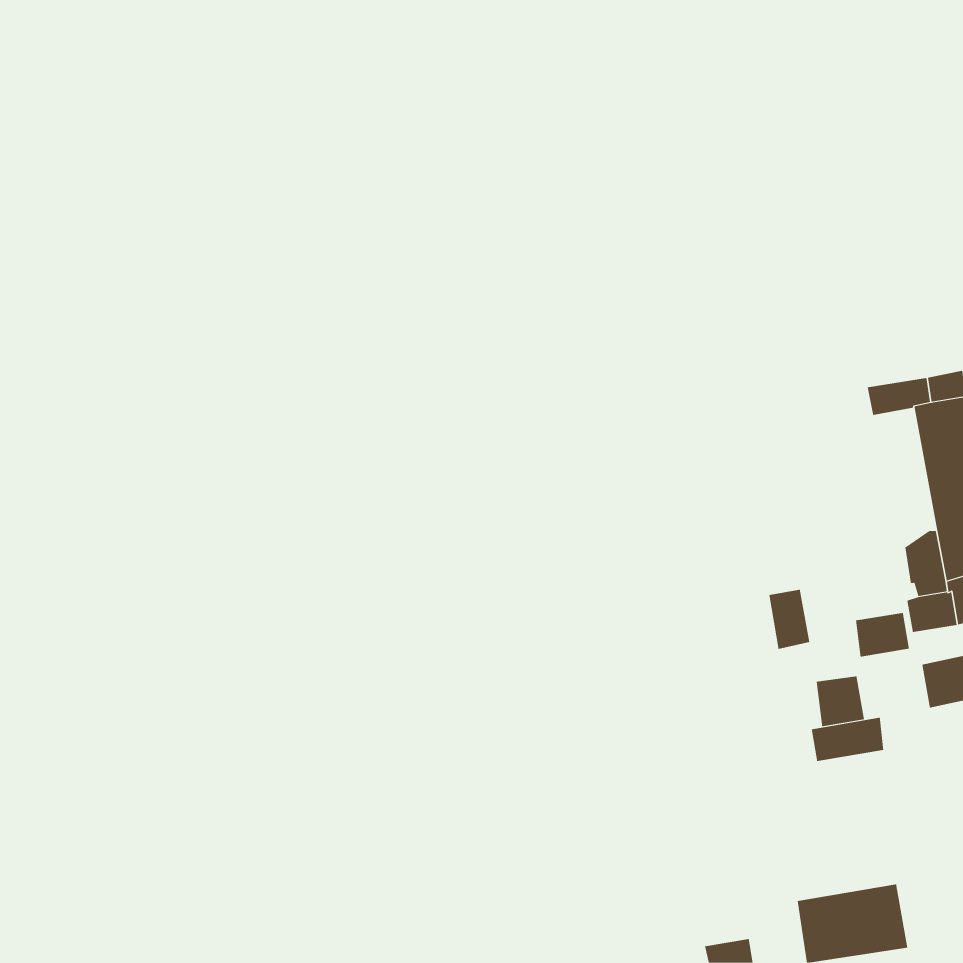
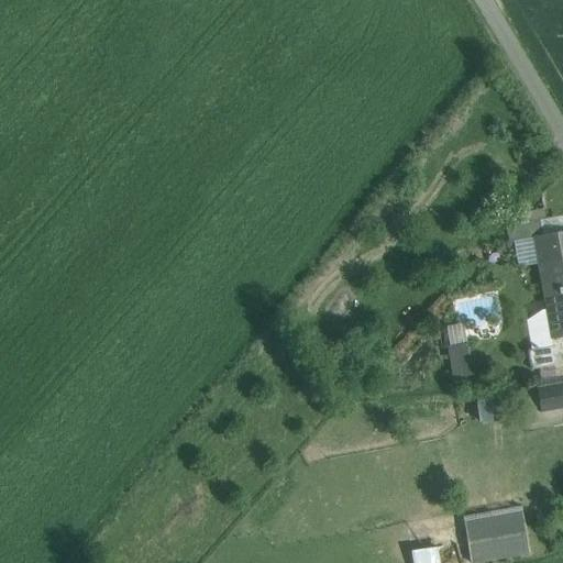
building: [856,612,909,658] -> none
building: [811,717,884,762] -> none

